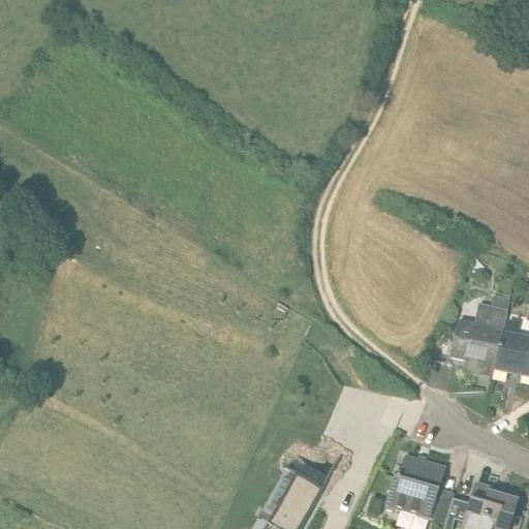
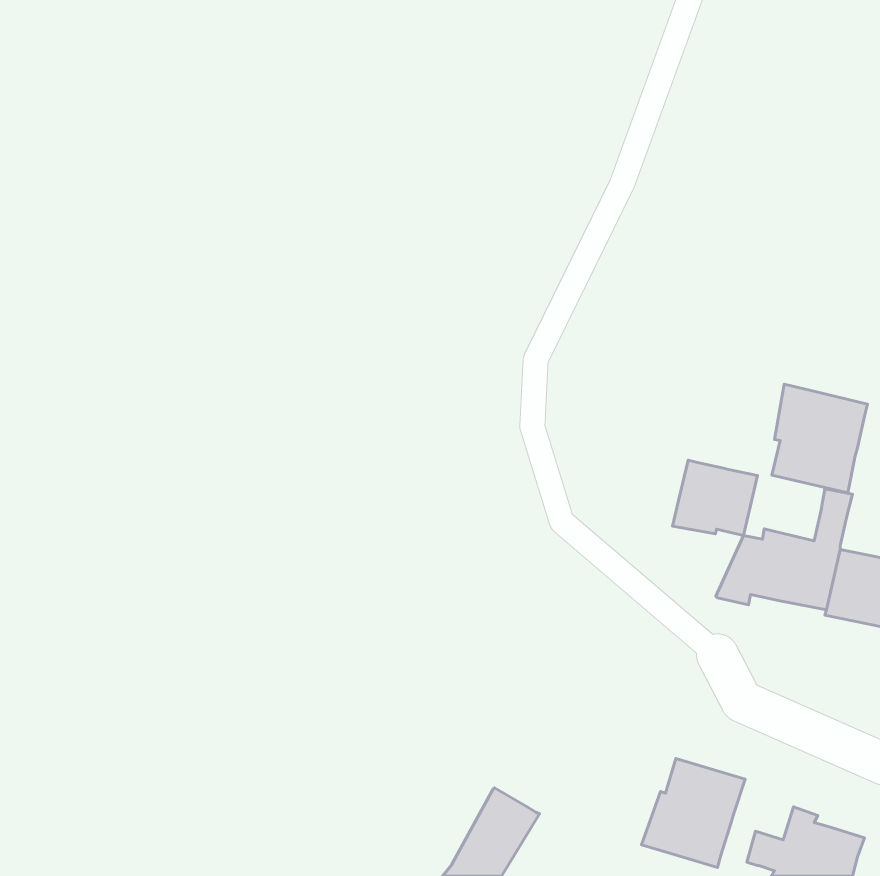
building: none -> [772,384,868,493]
building: none -> [672,460,758,536]

